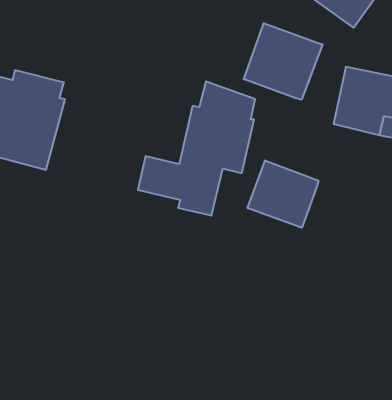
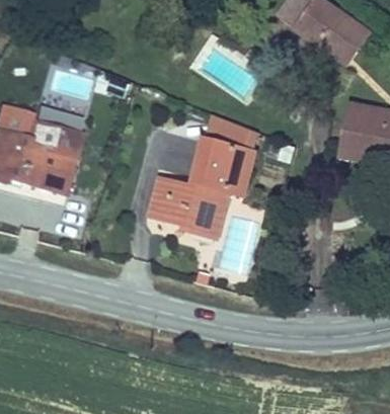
building: [244,23,323,100] -> none
building: [248,160,318,228] -> none

